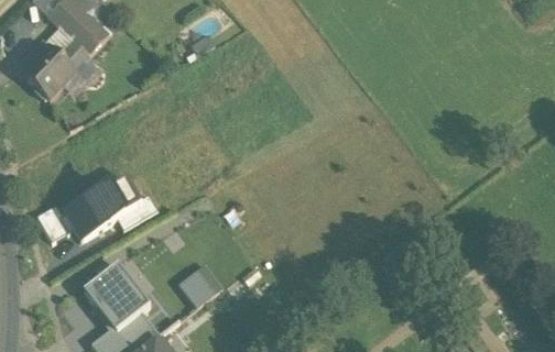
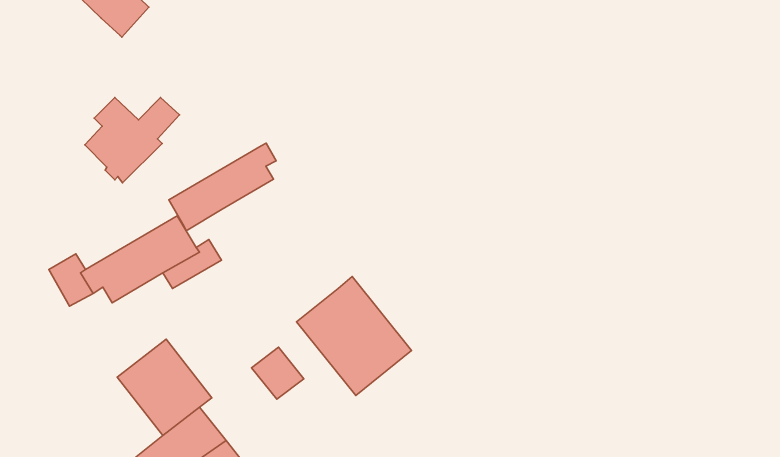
building: [21,41,87,100] -> [85,98,180,183]
building: none -> [169,143,276,231]
building: none -> [297,277,411,396]

